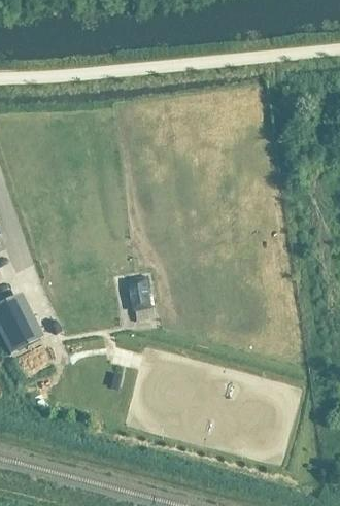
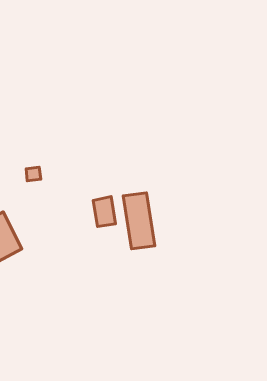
building: none -> [123,193,155,249]

